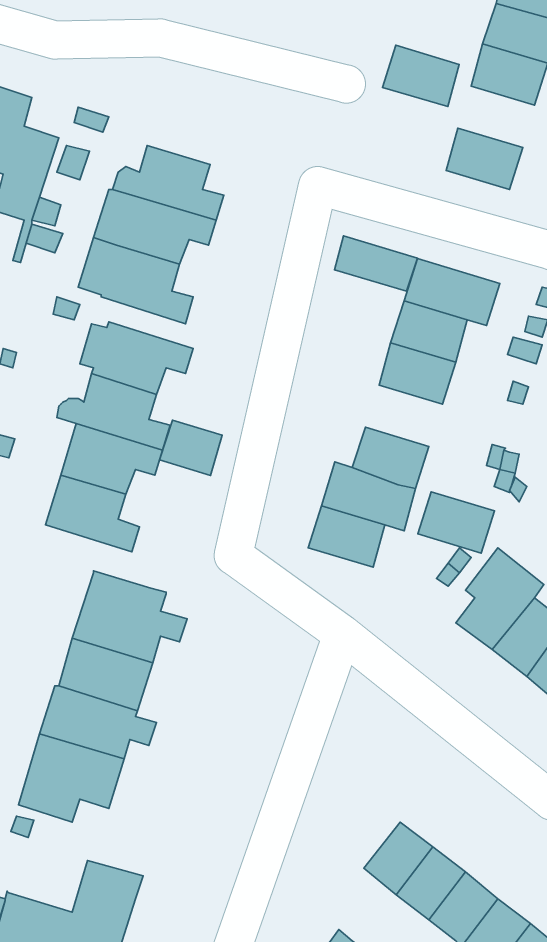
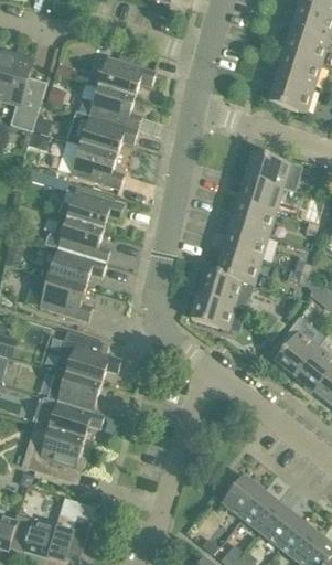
building: [382,45,459,107] -> [276,52,320,87]
building: none -> [97,53,154,97]
building: [335,236,418,291] -> none
building: [159,420,222,475] -> none
building: [418,492,495,553] -> [223,224,267,259]

